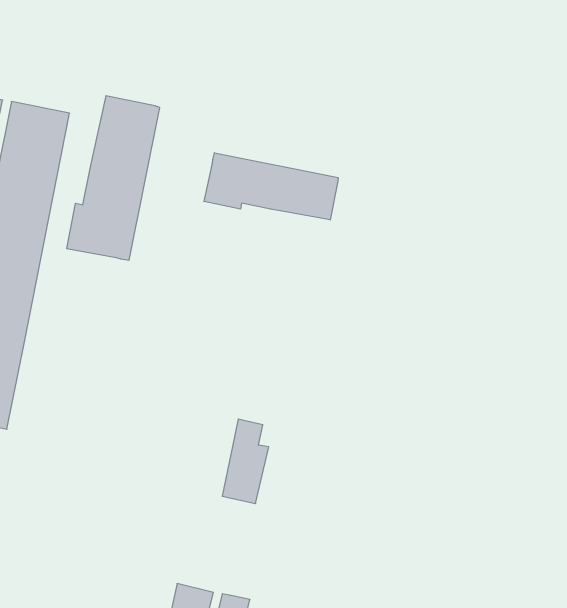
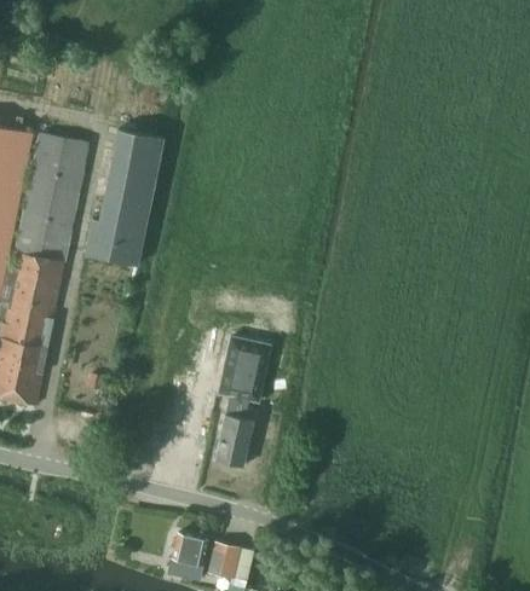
building: [204,153,338,220] -> none
building: none -> [219,337,270,402]

